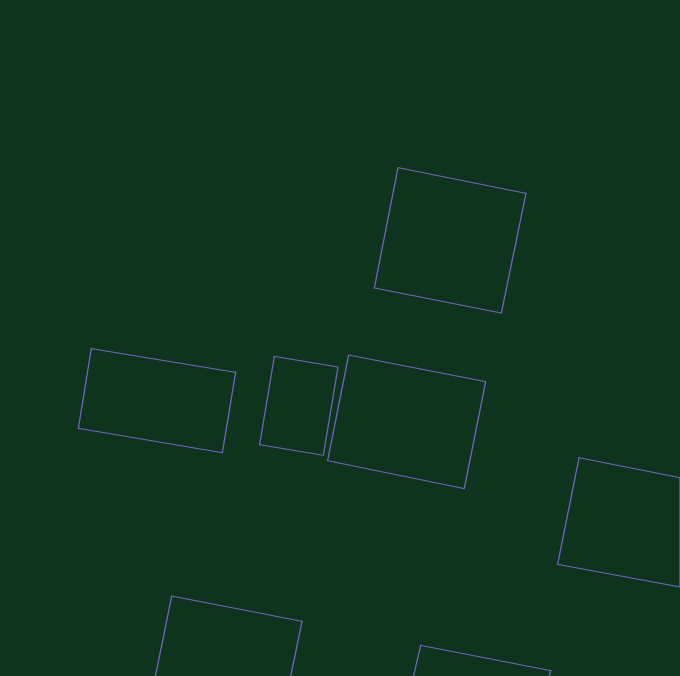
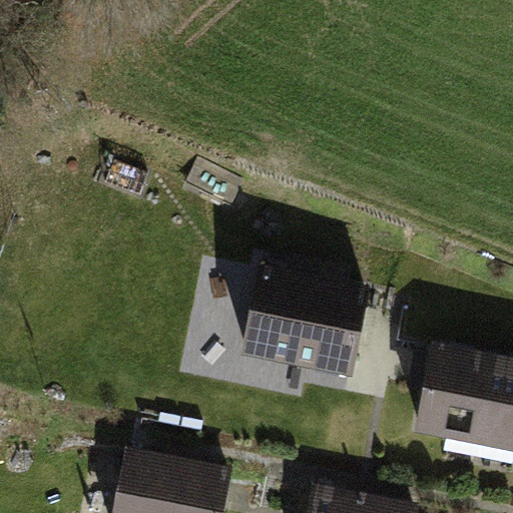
building: [375,168,526,313] -> none
building: [78,348,236,453] -> none

